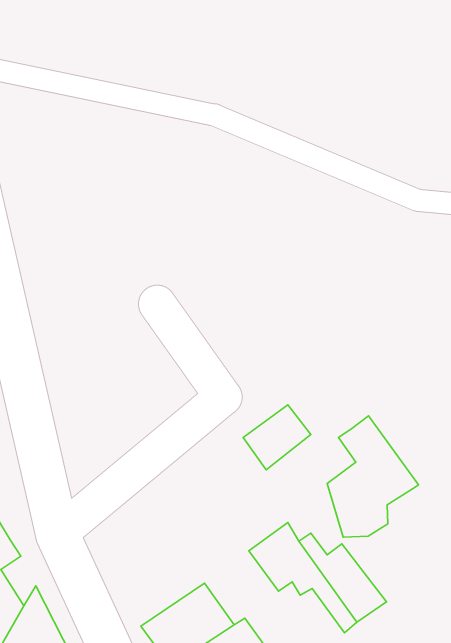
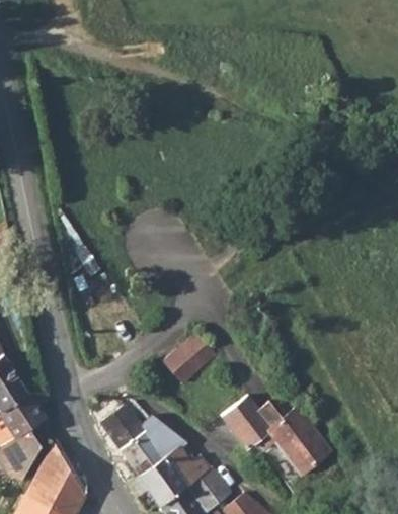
building: [243,405,311,470] -> [165,331,216,379]
building: [327,416,418,537] -> none
building: none -> [98,399,187,475]

